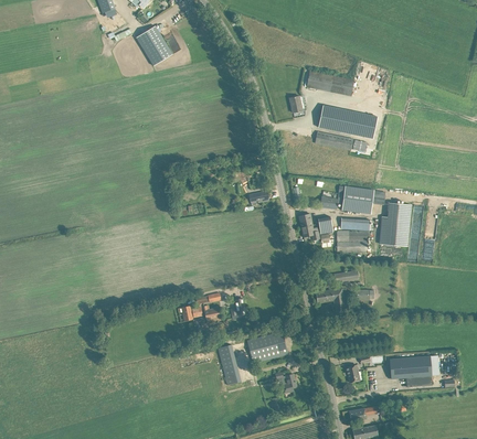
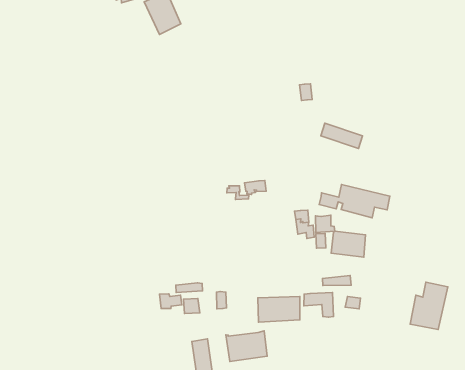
building: [307,69,353,95] -> none
building: [318,104,378,138] -> none
building: [380,202,411,245] -> [410,282,448,330]
building: none -> [258,297,300,322]

